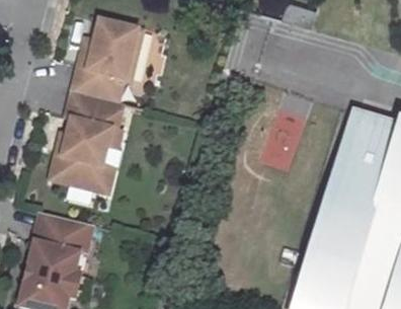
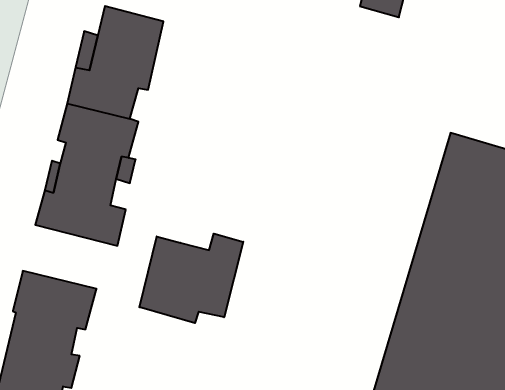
building: none -> [139,234,243,323]

